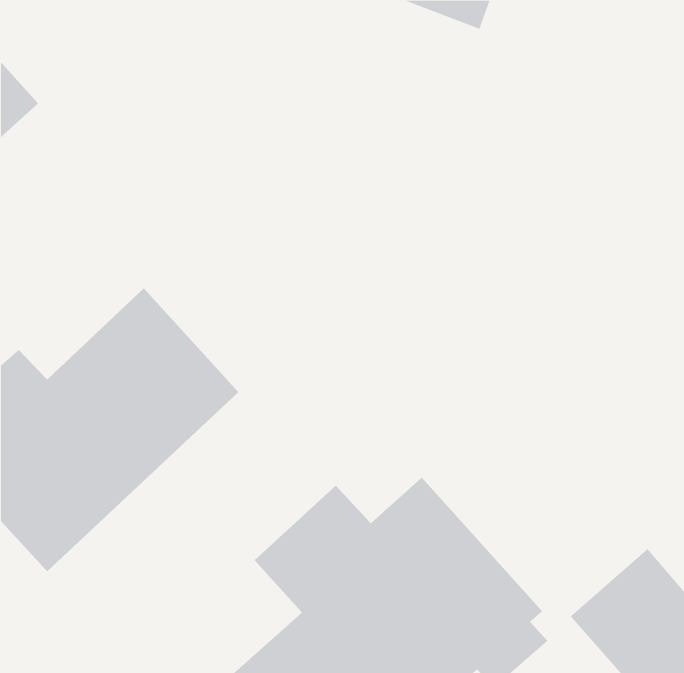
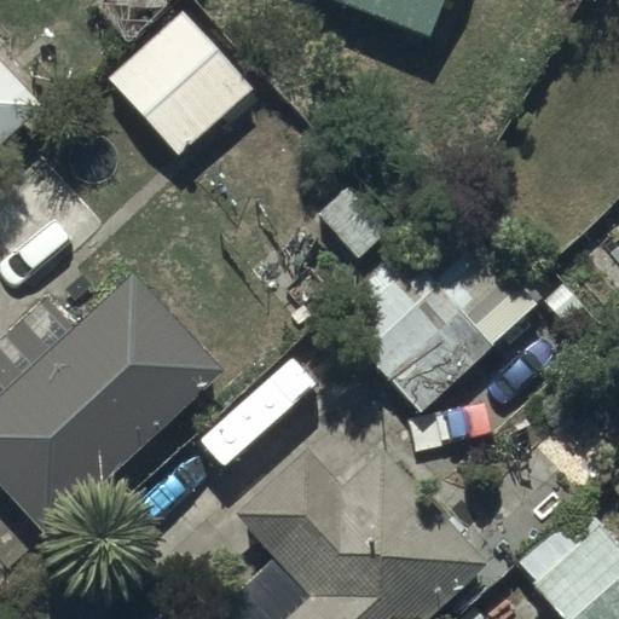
building: none -> [109,17,251,160]
building: none -> [340,239,533,413]

